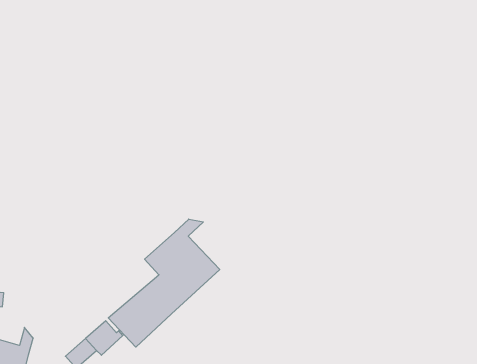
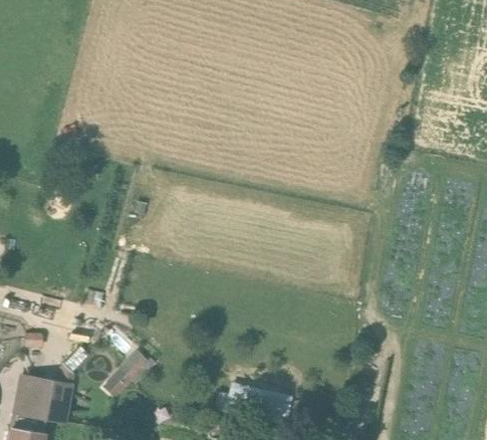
building: [108,219,220,347] -> none

